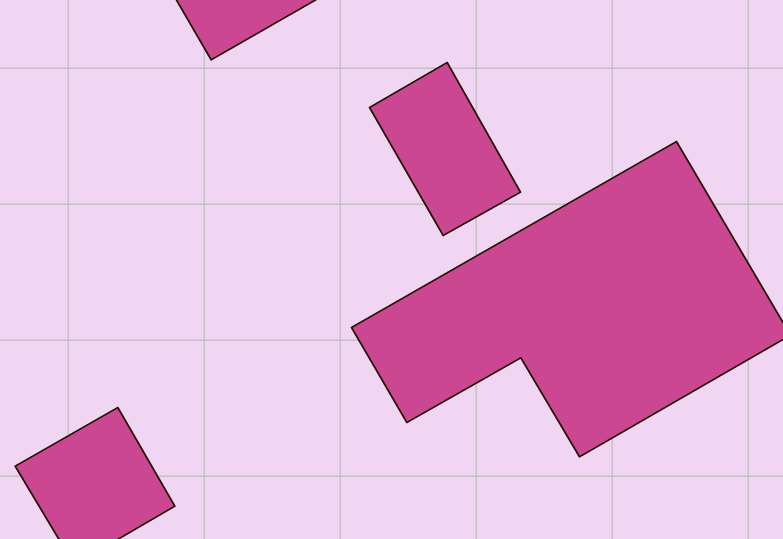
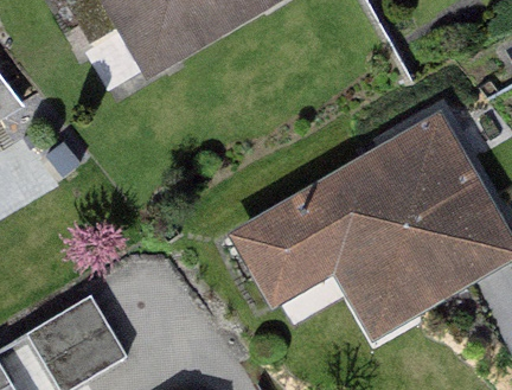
building: [369,63,520,235] -> none

